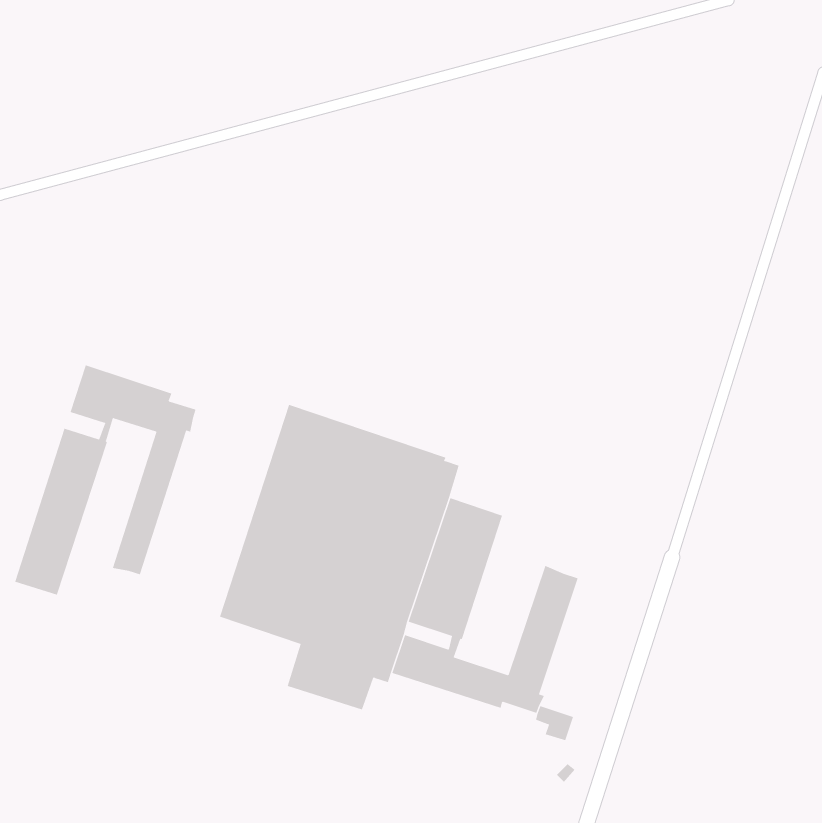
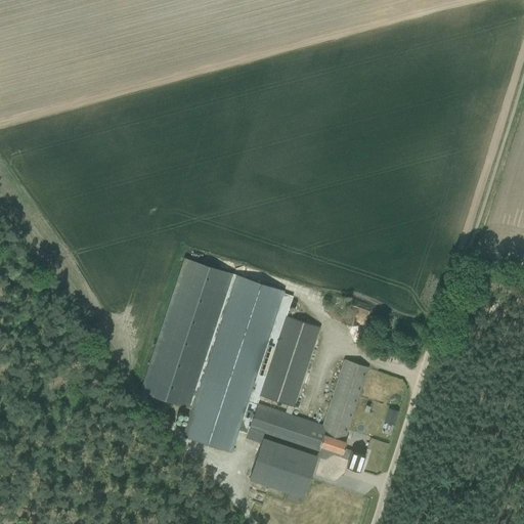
building: [15,365,196,595] -> none
building: none -> [249,437,318,497]

